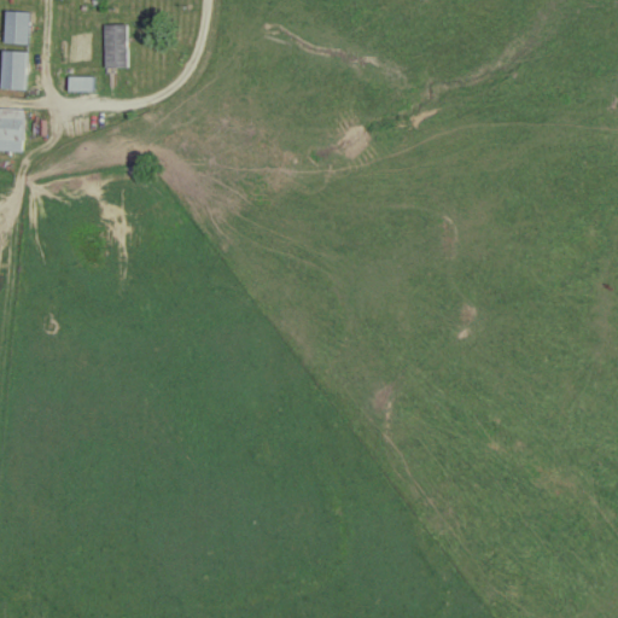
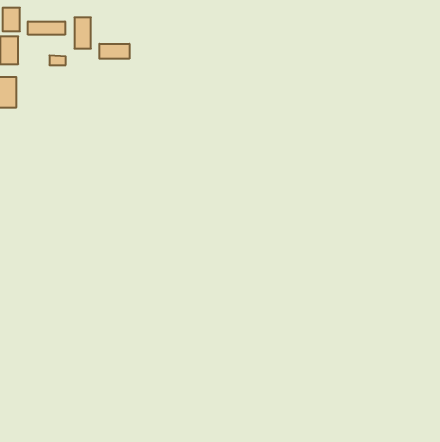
building: none -> [28,21,65,35]
building: none -> [99,44,129,59]

